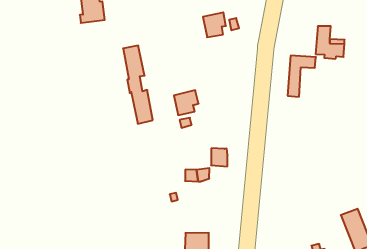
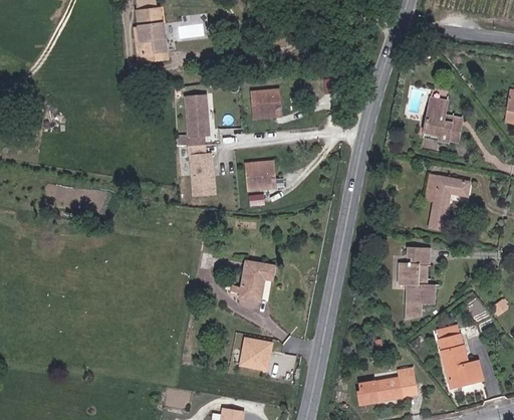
building: [203,12,226,37] -> [253,89,280,118]
building: [288,56,316,97] -> [425,178,466,230]
building: none -> [394,249,429,304]
building: [211,148,228,166] -> [242,271,264,296]

